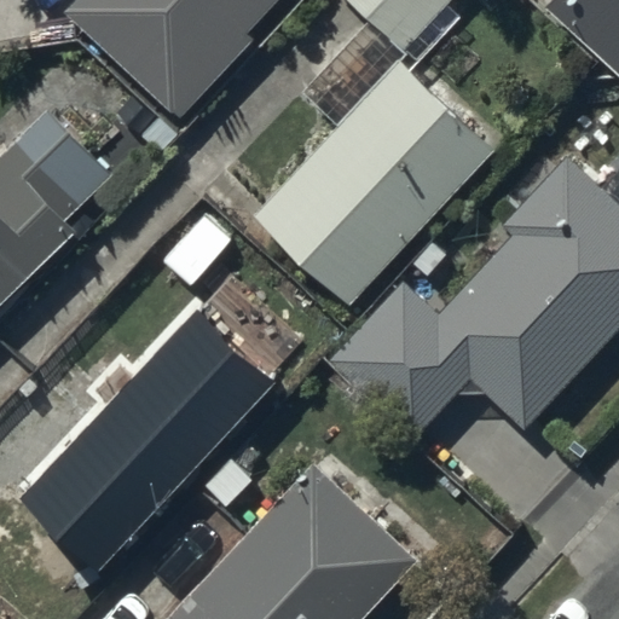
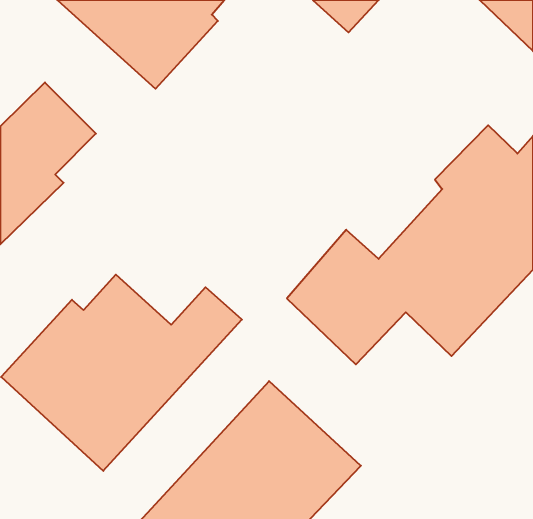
building: [255,58,494,301] -> none

